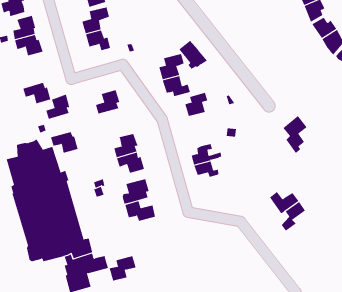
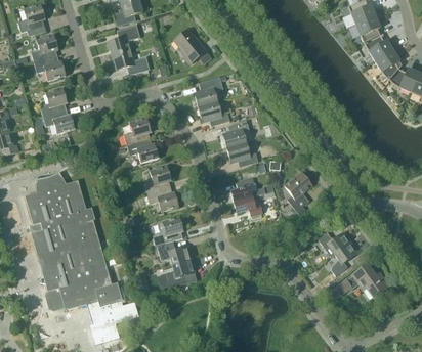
building: [178,40,208,70] -> [173,29,206,61]
building: [45,94,70,120] -> [39,87,67,116]
building: none -> [225,142,258,166]
building: [283,115,307,154] -> [284,171,311,214]
building: [50,132,79,154] -> [126,138,158,163]
building: none -> [330,263,388,298]
building: [109,255,137,281] -> [164,259,195,288]

